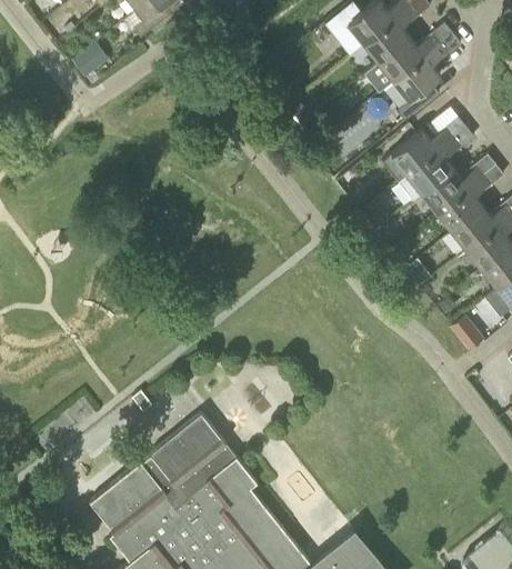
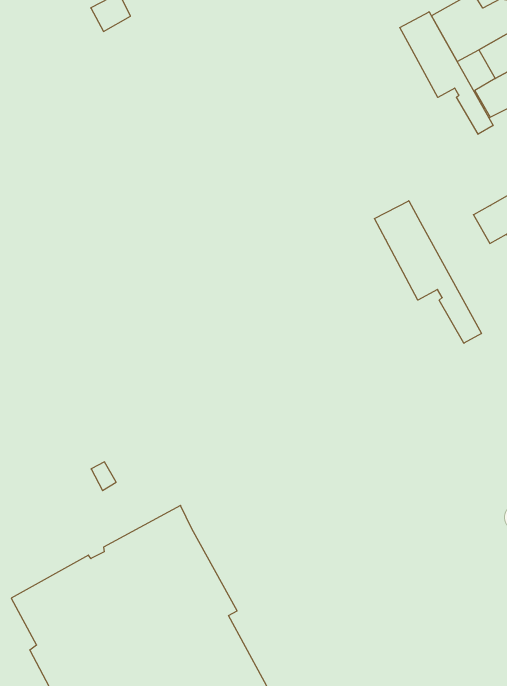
building: none -> [400,12,493,134]
building: none -> [374,201,481,343]

